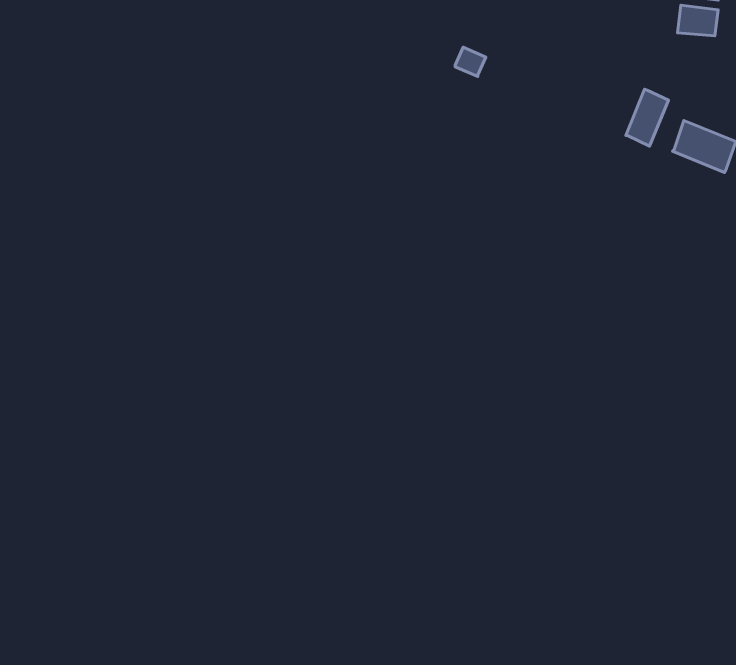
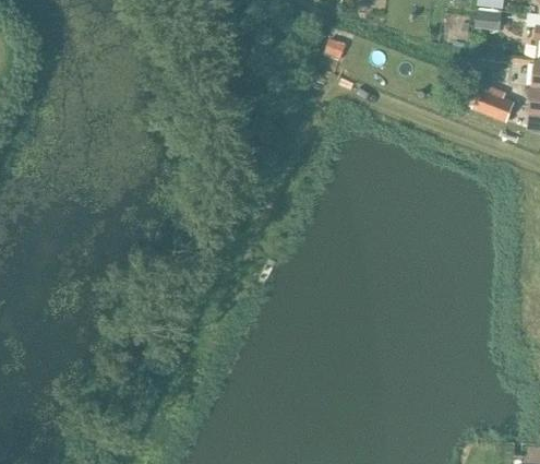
building: [626,89,668,146] -> none

